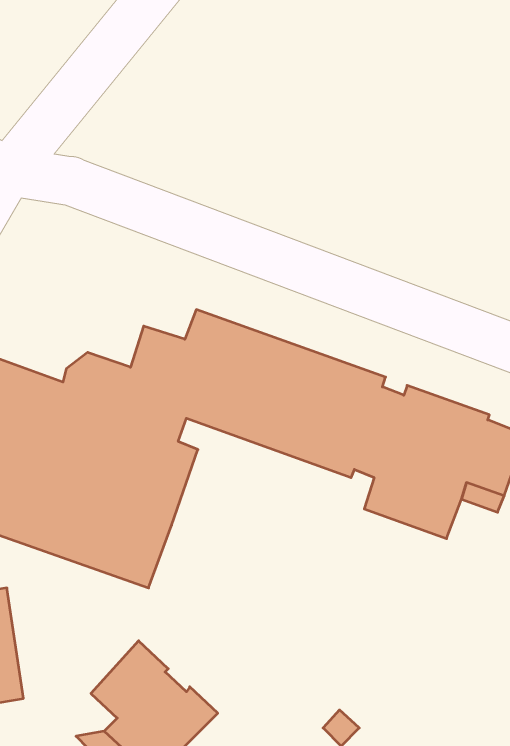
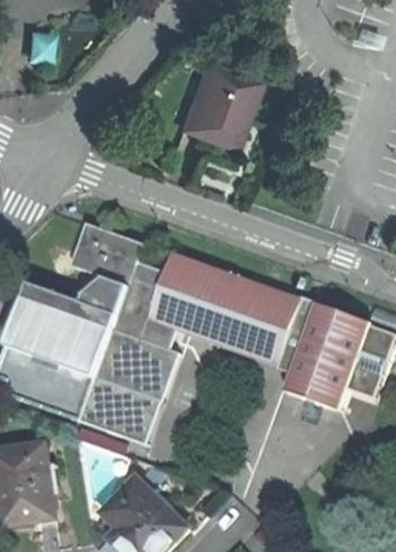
building: none -> [177,62,258,148]
building: none -> [71,224,145,292]

